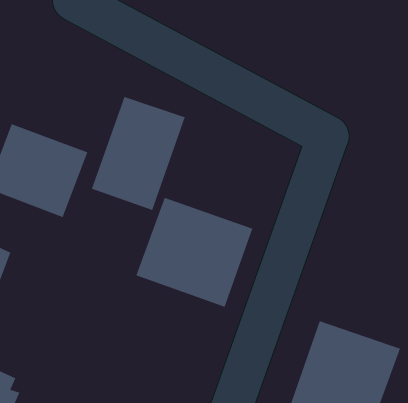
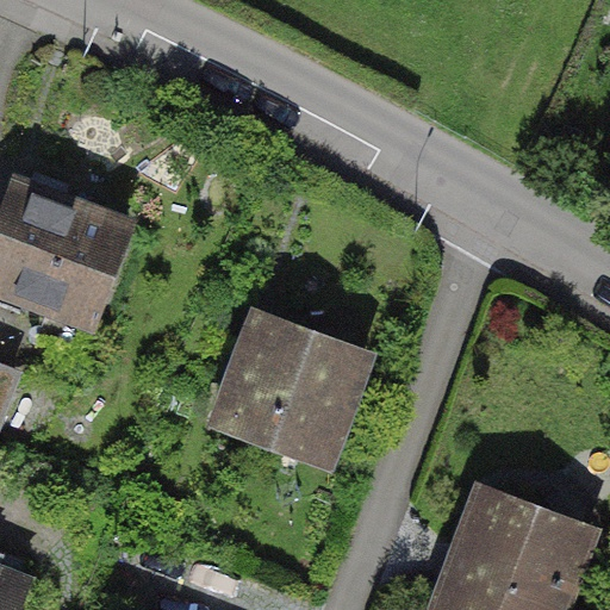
building: [91,96,186,211] -> none

